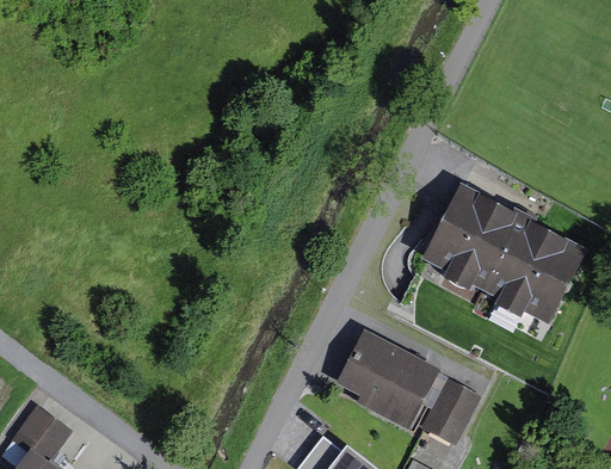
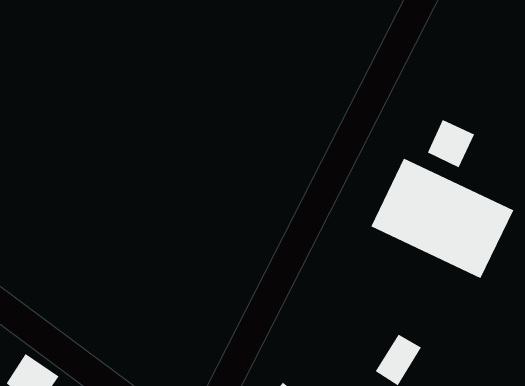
building: none -> [427,119,475,168]
building: [339,333,437,425] -> none

